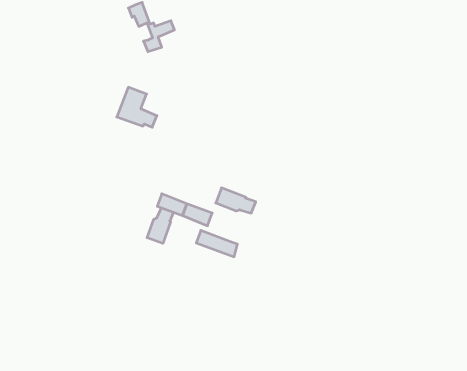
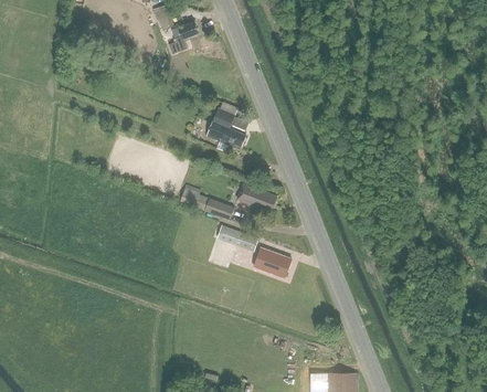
building: [117,87,157,127] -> [207,108,245,147]
building: [147,208,174,243] -> none
building: none -> [253,247,292,278]

